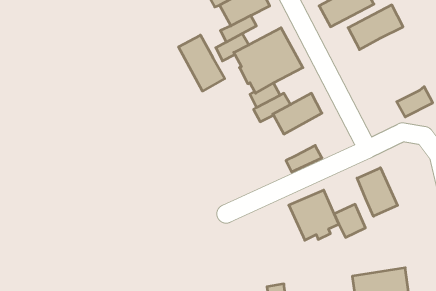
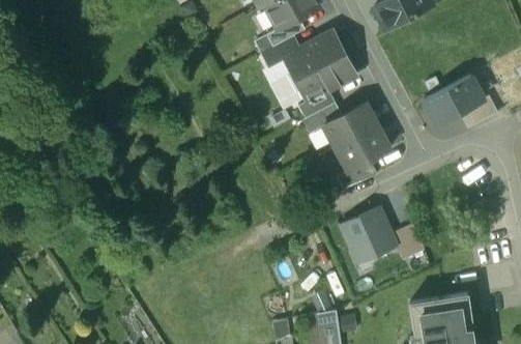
building: [348,5,403,50] -> [424,76,484,124]
building: [179,35,225,91] -> none
building: none -> [336,124,390,171]
building: [357,168,398,216] -> none

